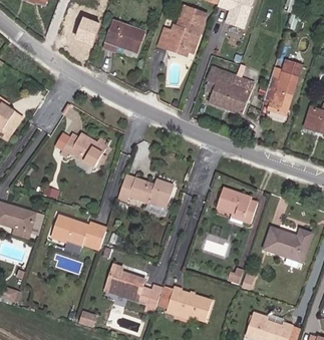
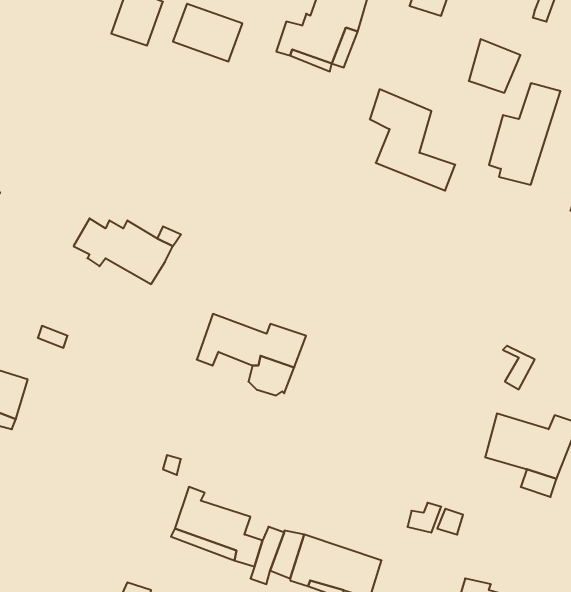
building: [231,75,257,102] -> [469,39,520,93]
building: [218,193,257,224] -> none
building: [45,215,100,251] -> none

